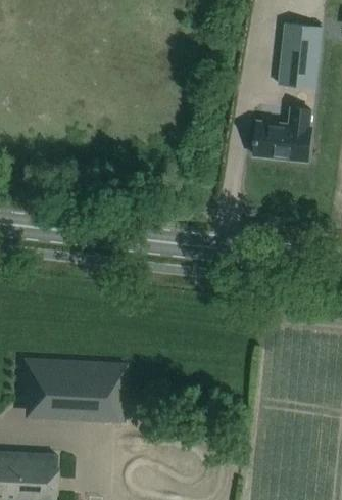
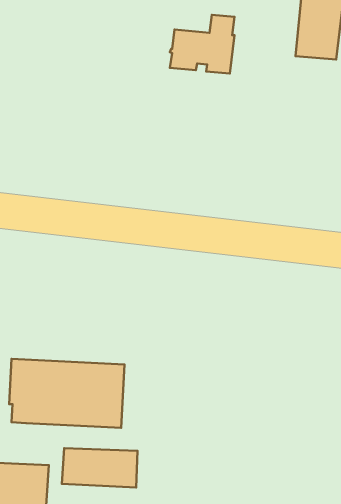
building: [252,106,310,160] -> [170,15,234,74]
building: none -> [62,448,138,488]

